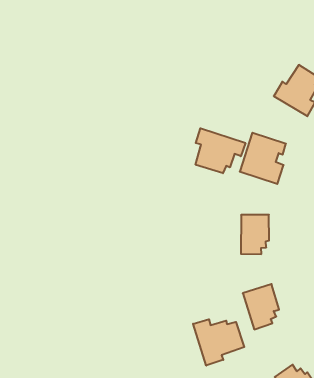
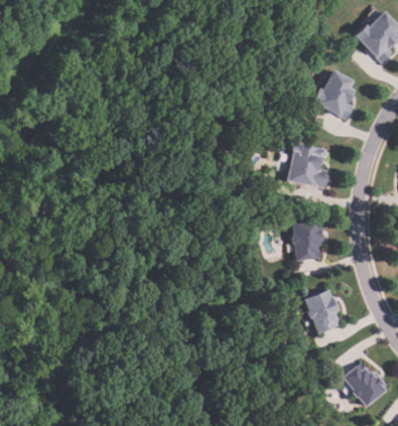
building: [196,128,245,173] -> none
building: [193,319,244,366] -> none

